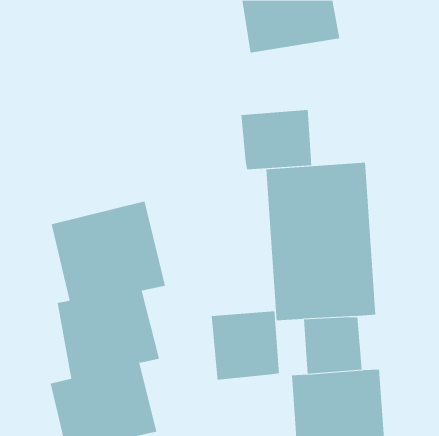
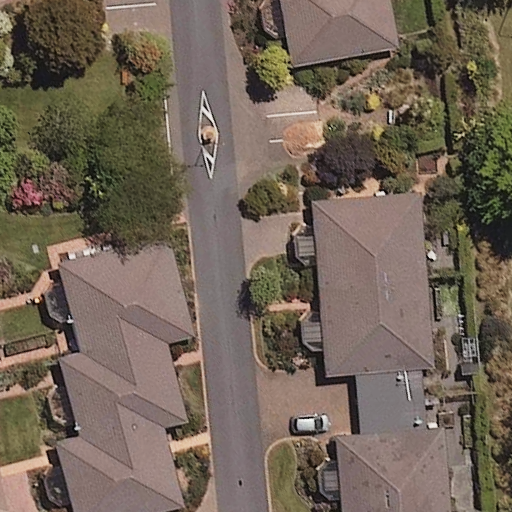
building: [241,109,312,170] -> none
building: [211,310,280,381] -> none

